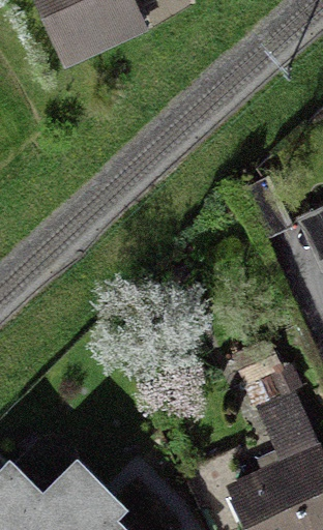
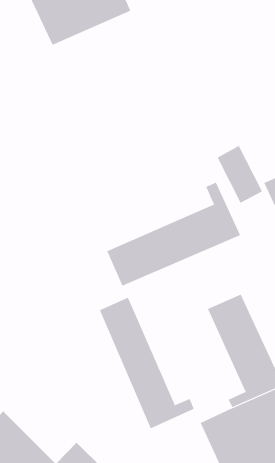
building: none -> [106,182,241,286]
building: none -> [99,297,195,429]

